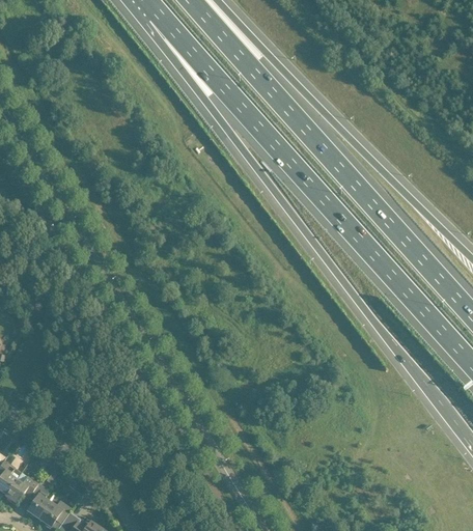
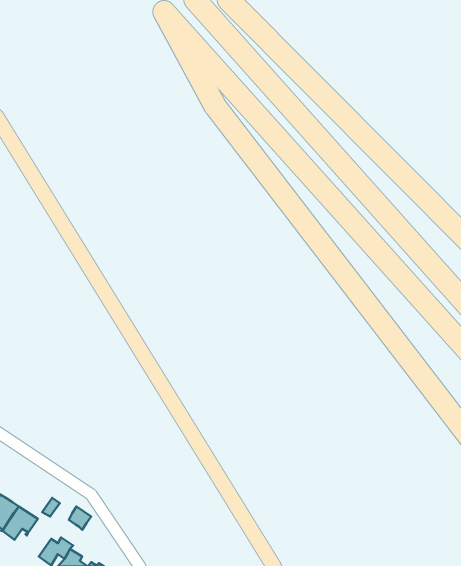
building: [28,485,52,521] -> none

